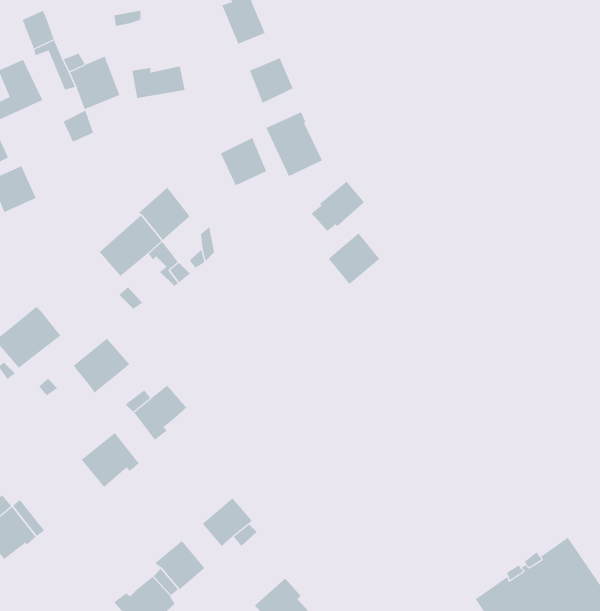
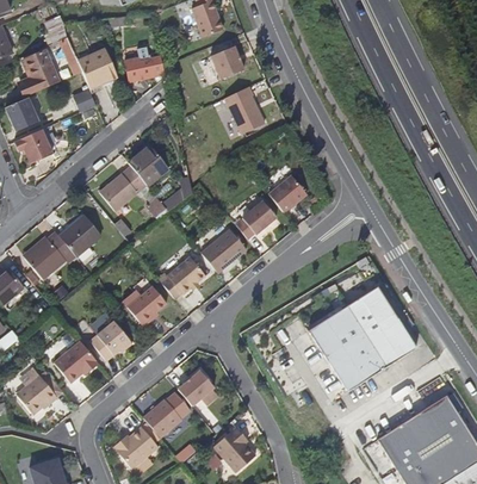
building: [220,137,267,186] -> none
building: [311,181,365,232] -> [234,203,273,240]
building: none -> [198,229,246,274]
building: [73,338,130,393] -> [60,215,101,255]
building: none -> [166,259,203,294]
building: none -> [305,287,414,392]
building: none -> [51,341,97,384]

